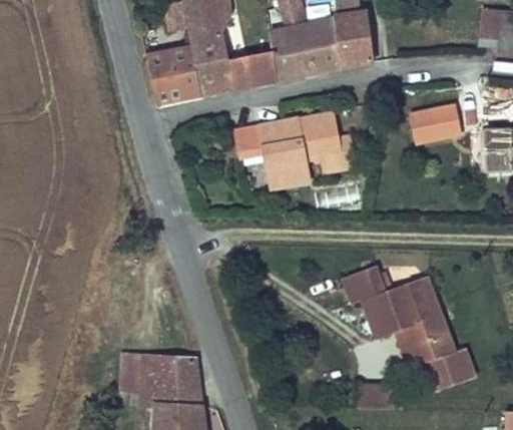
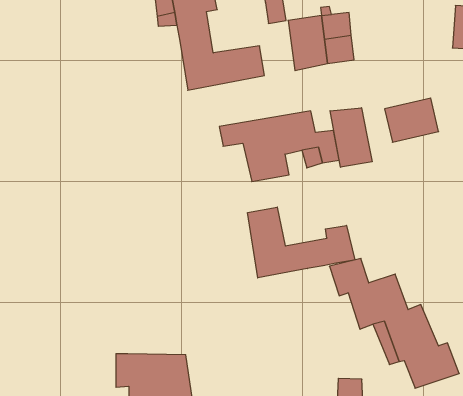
building: [274,22,313,78] -> none
building: [145,43,203,101] -> none
building: none -> [330,108,372,167]
building: none -> [248,207,355,278]

